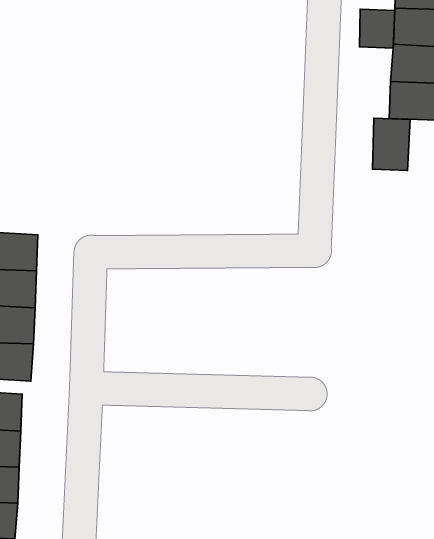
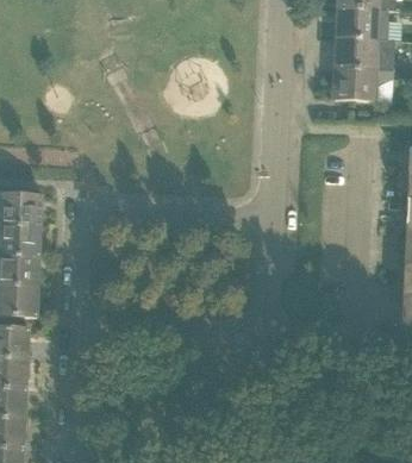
building: [360,9,395,48] -> none
building: [373,118,410,170] -> none

